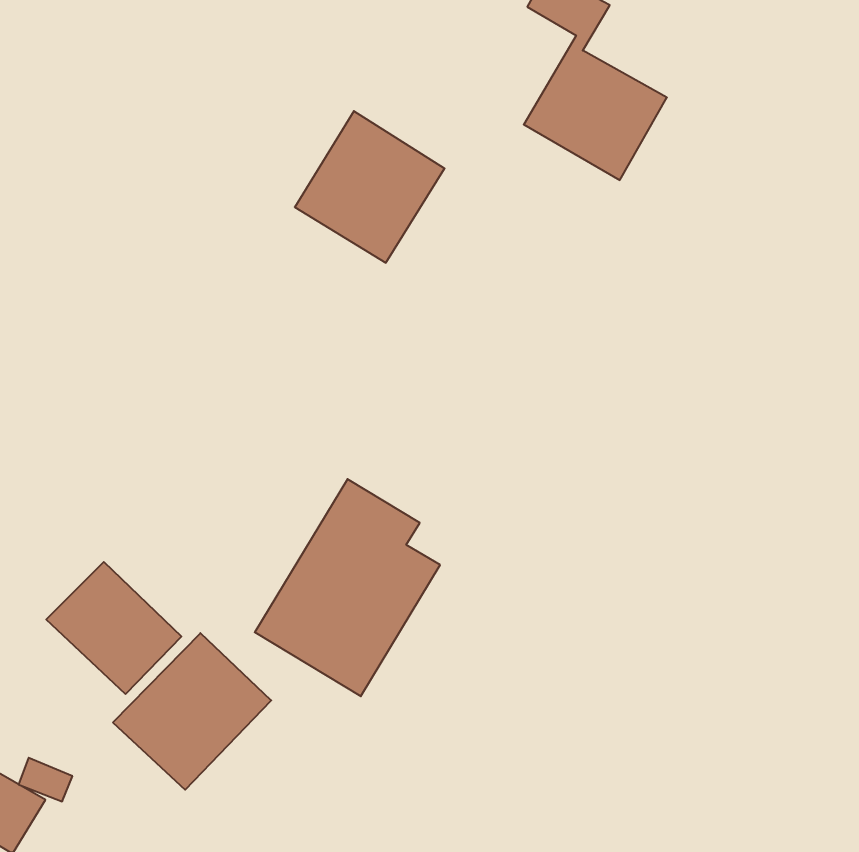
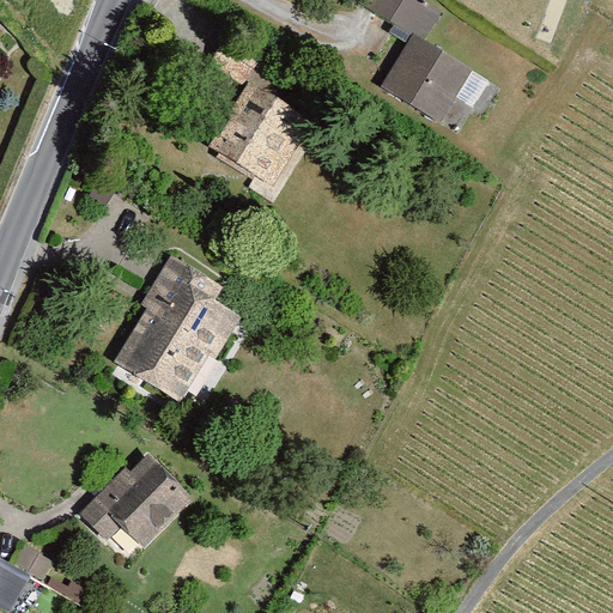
building: [255,479,440,696] -> [107,254,238,408]
building: [46,562,181,694] -> none

